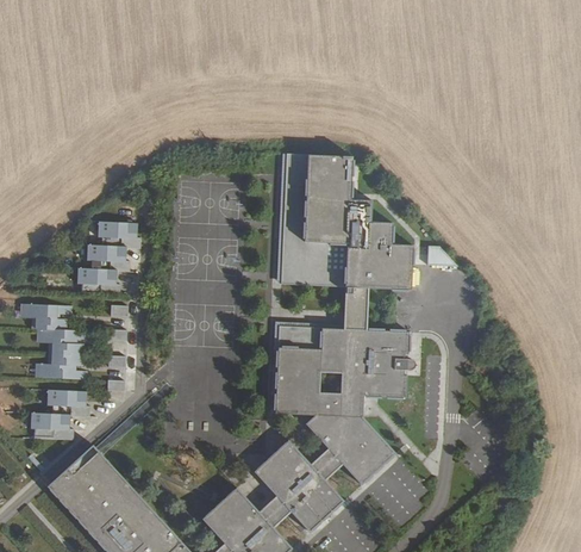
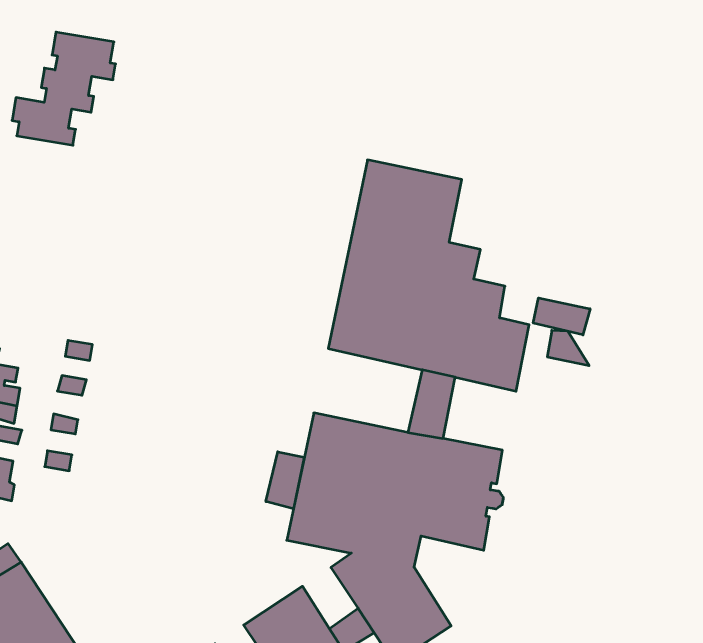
building: [74,222,136,294] -> [12,32,116,145]
building: none -> [533,298,590,335]
building: none -> [266,452,304,509]

